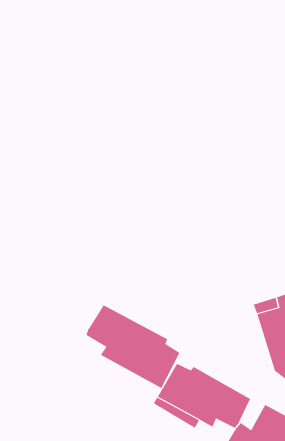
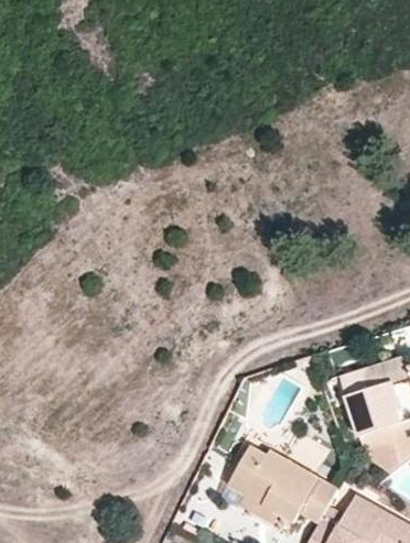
building: [86,304,180,389] -> none

